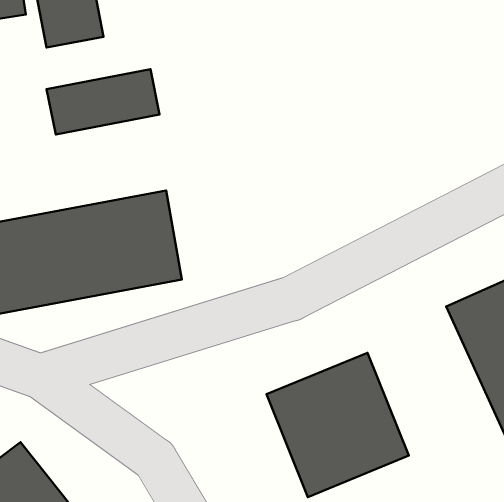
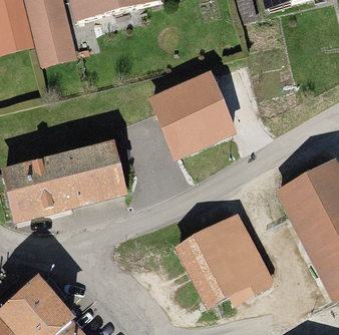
building: [47,69,160,135] -> none
building: none -> [153,68,235,149]

